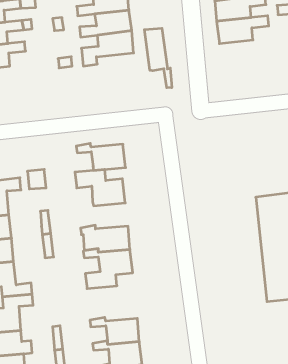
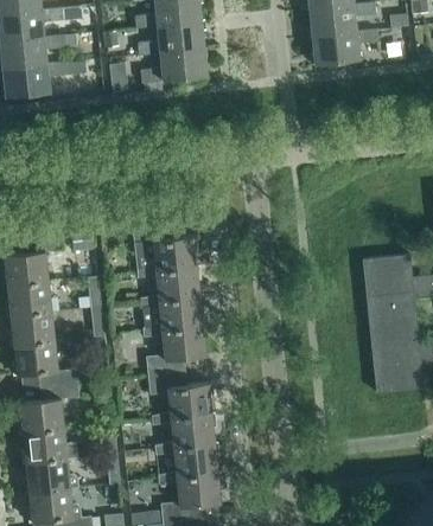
building: [144,28,172,88] -> none
building: [76,143,126,170] -> [136,265,199,300]
building: none -> [147,372,211,417]

